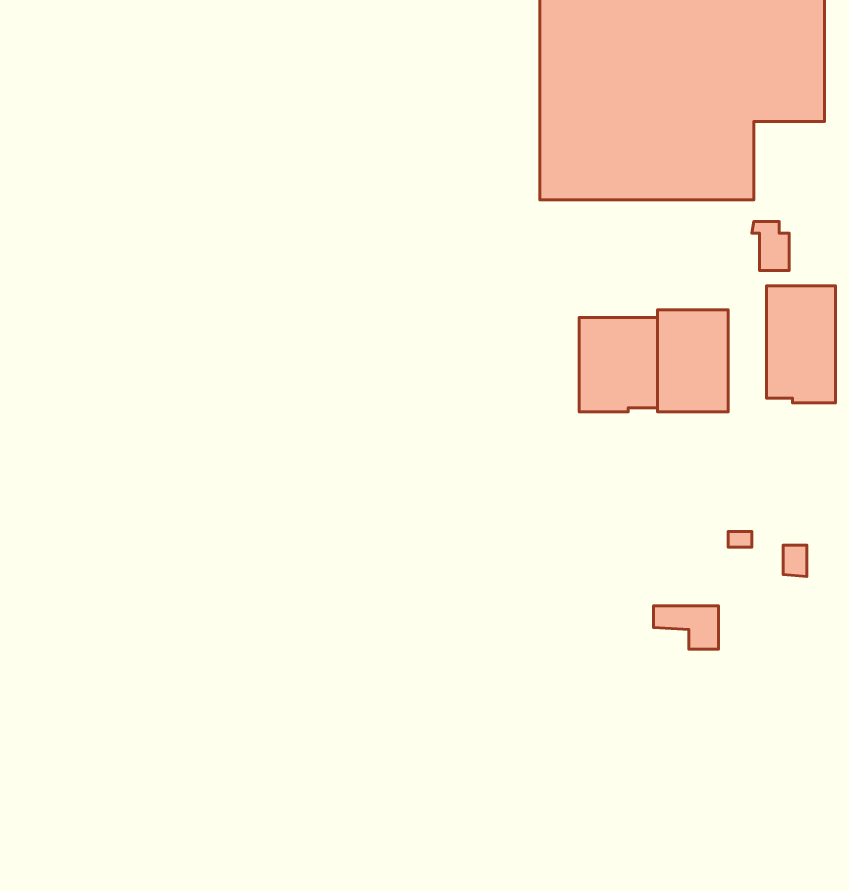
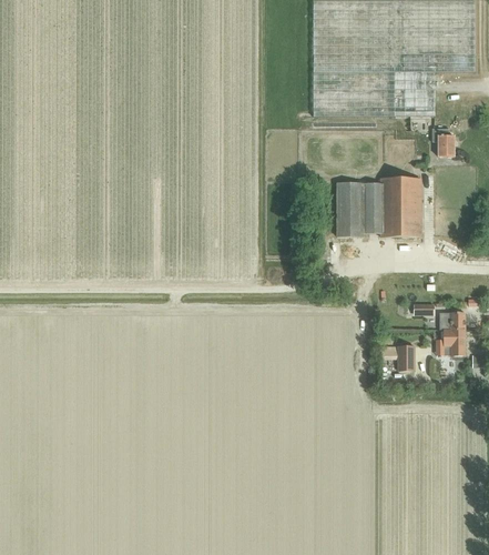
building: [767,286,836,403] -> none
building: none -> [436,327,465,354]

